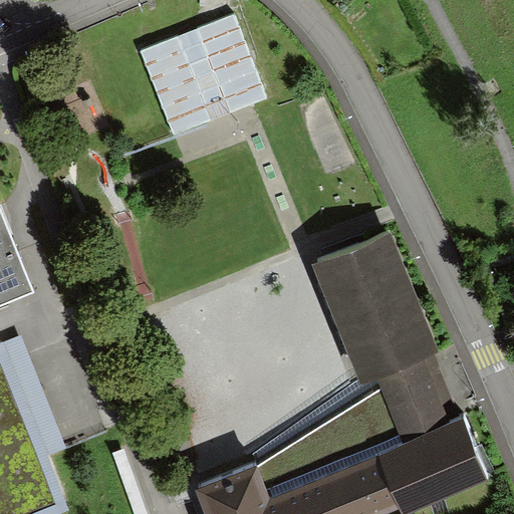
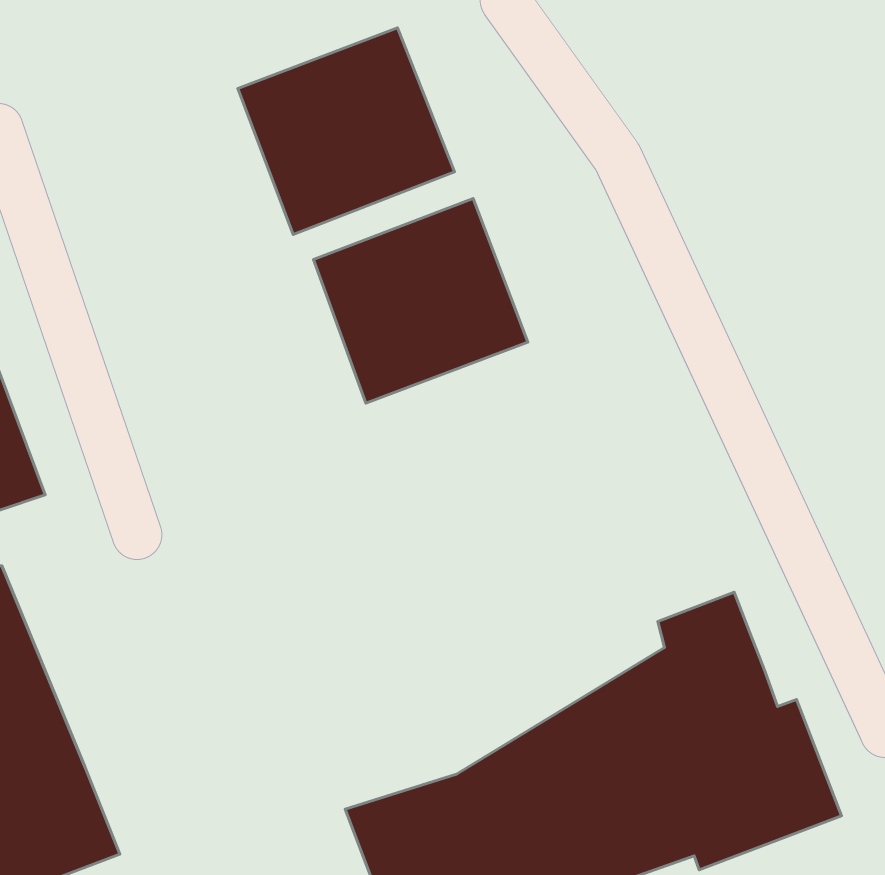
building: none -> [314,199,528,403]
building: [319,237,434,374] -> none

